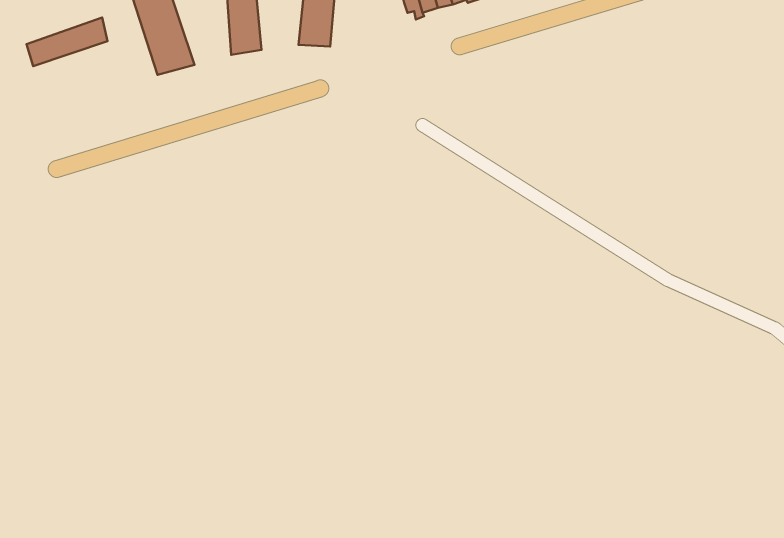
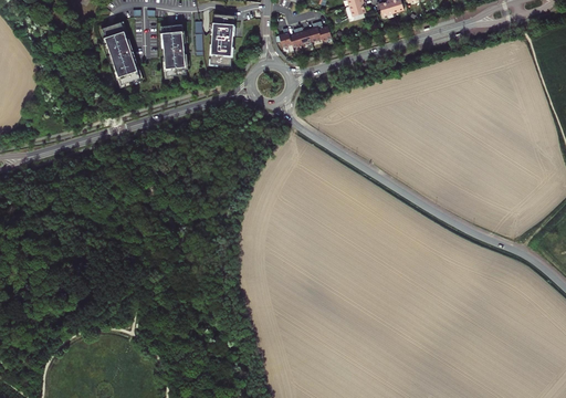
building: [27,18,107,66] -> none

